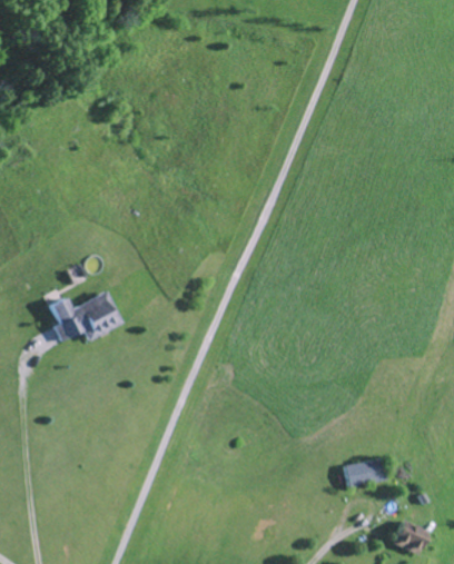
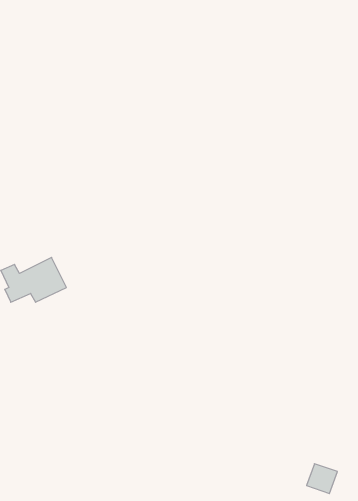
building: [343,458,386,487] -> none

